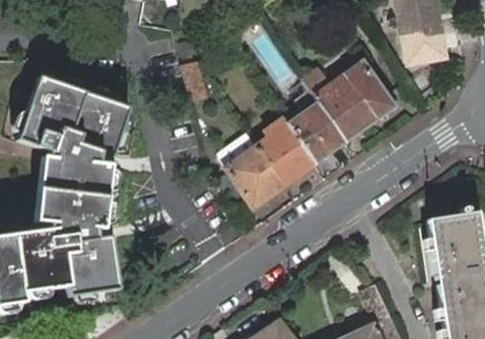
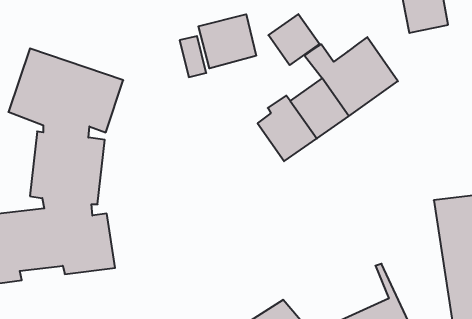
building: none -> [268,14,320,65]
building: none -> [198,14,256,68]
building: [226,146,284,207] -> none

